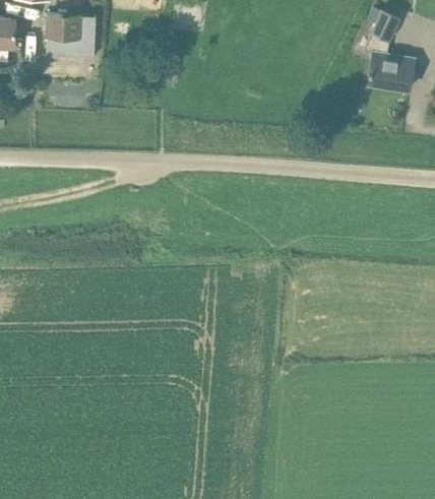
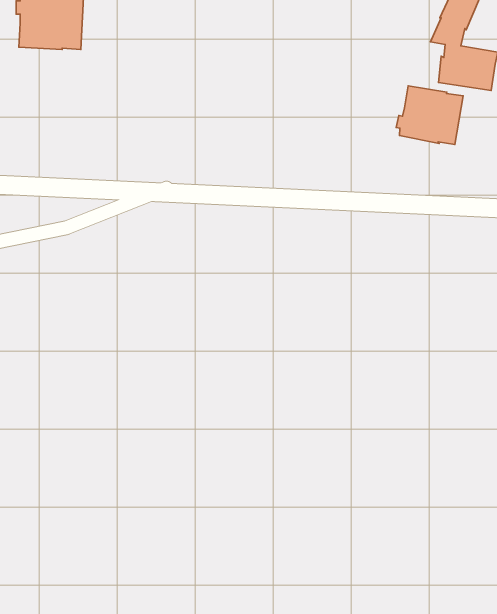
building: none -> [396,86,463,144]

